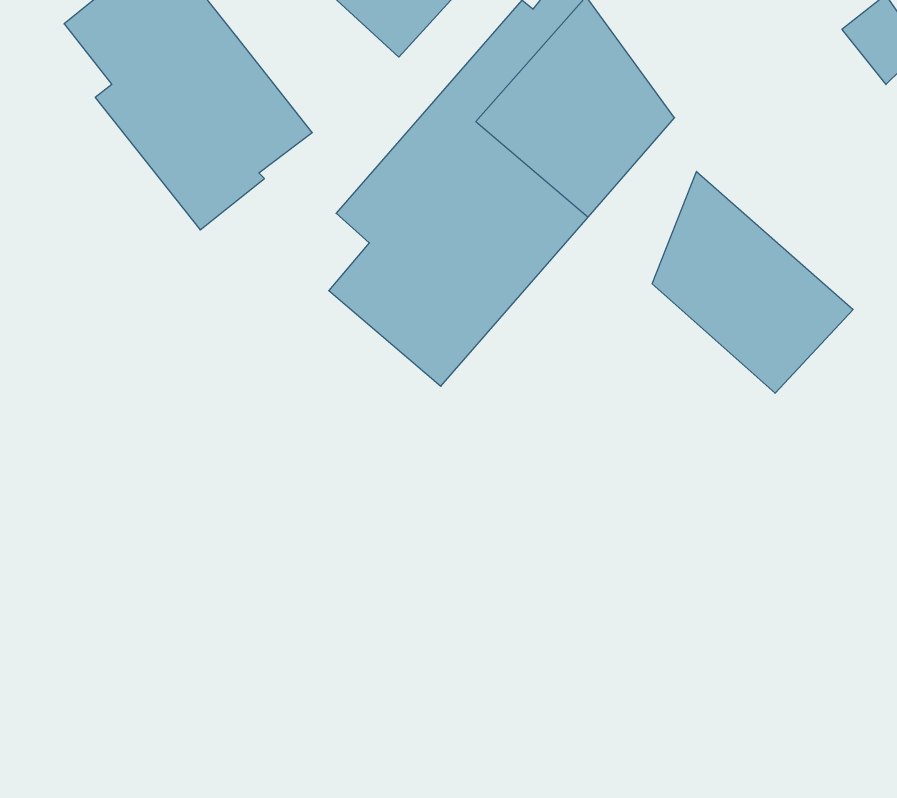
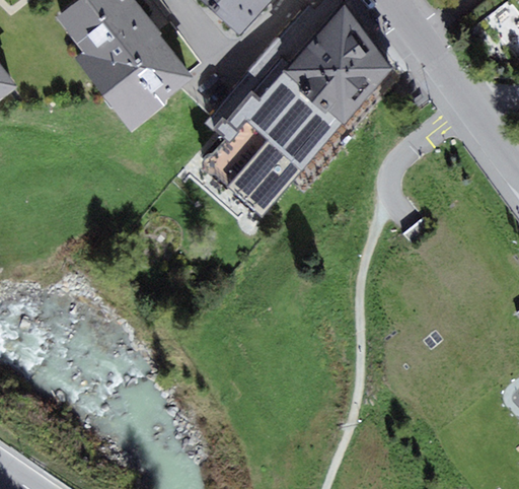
building: [652,171,853,393] -> none

